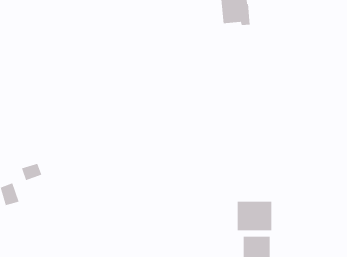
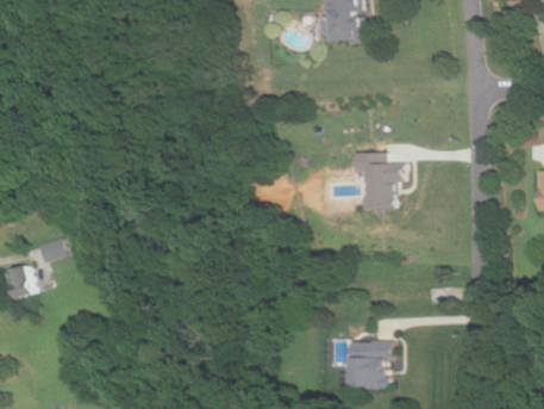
building: none -> [354,150,401,207]
building: [237,201,272,231] -> none

